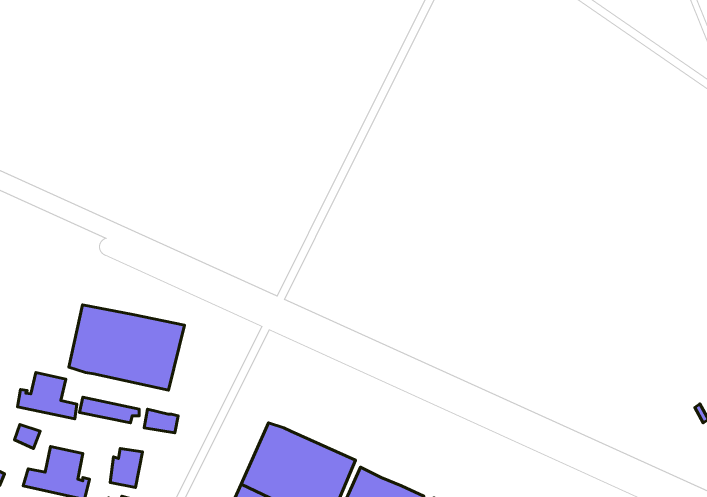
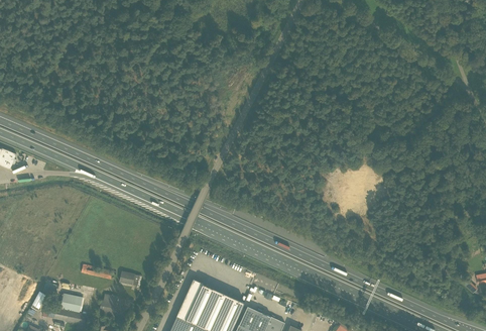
building: [69,305,184,390] -> none
building: [17,373,77,419] -> none

